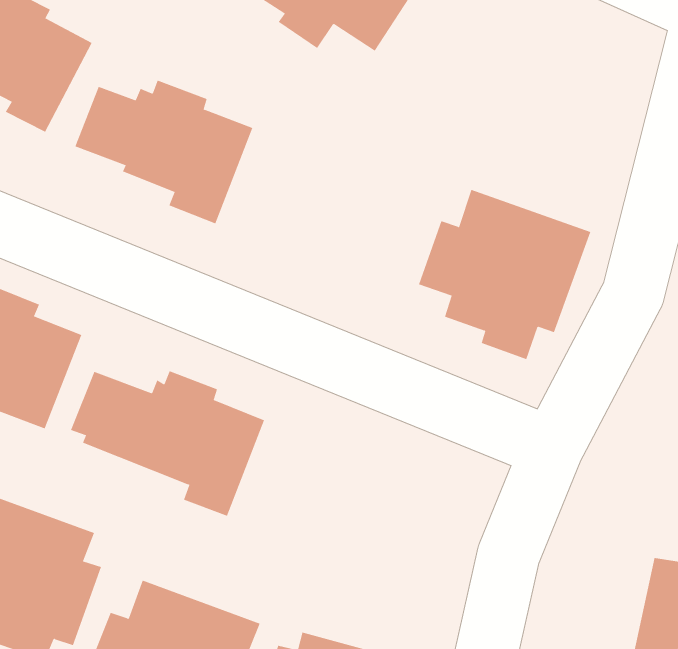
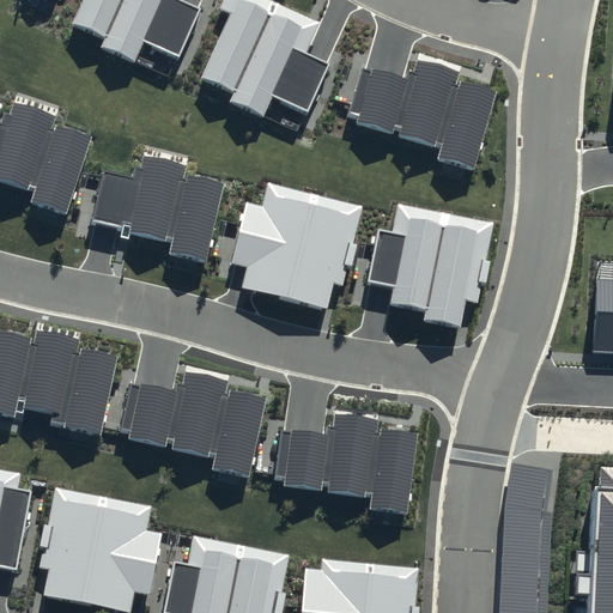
building: none -> [348,59,497,166]
building: none -> [231,180,364,308]
building: none -> [272,418,417,518]

